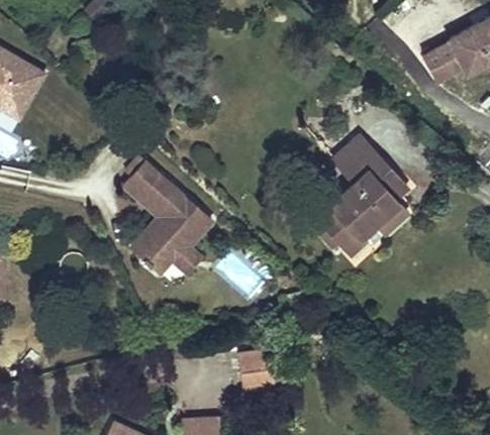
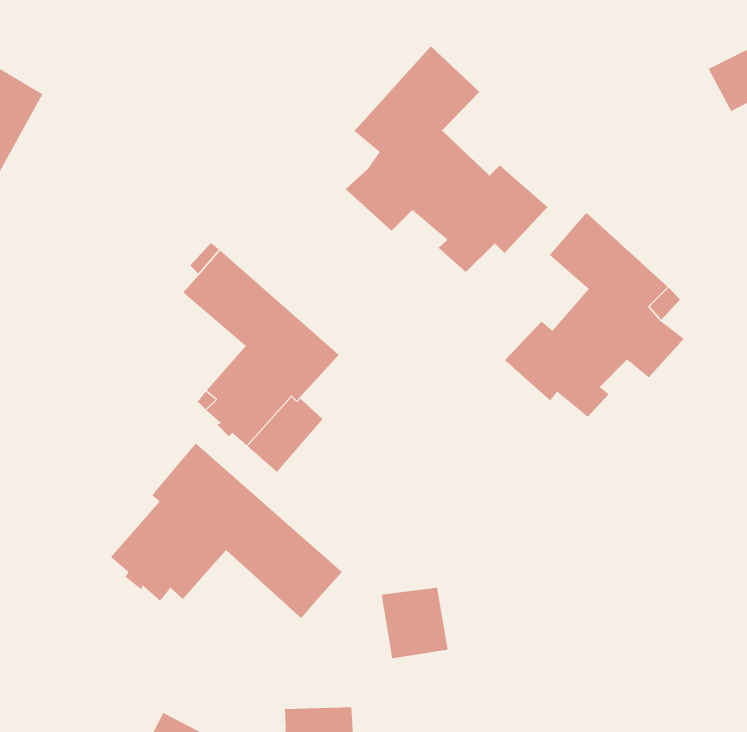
building: none -> [345,45,548,273]
building: none -> [110,442,343,619]

